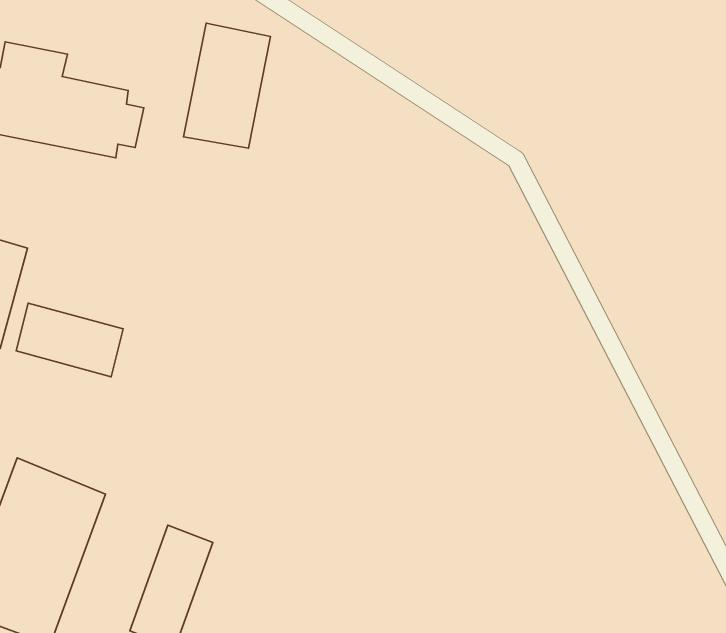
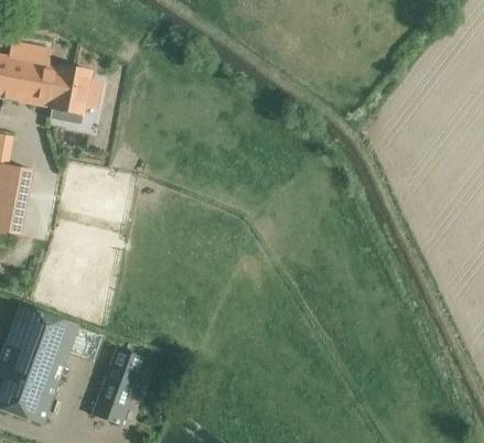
building: [184,23,270,148] -> none
building: [16,303,123,377] -> none

